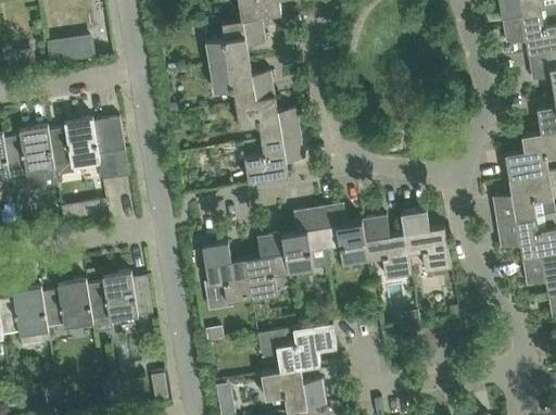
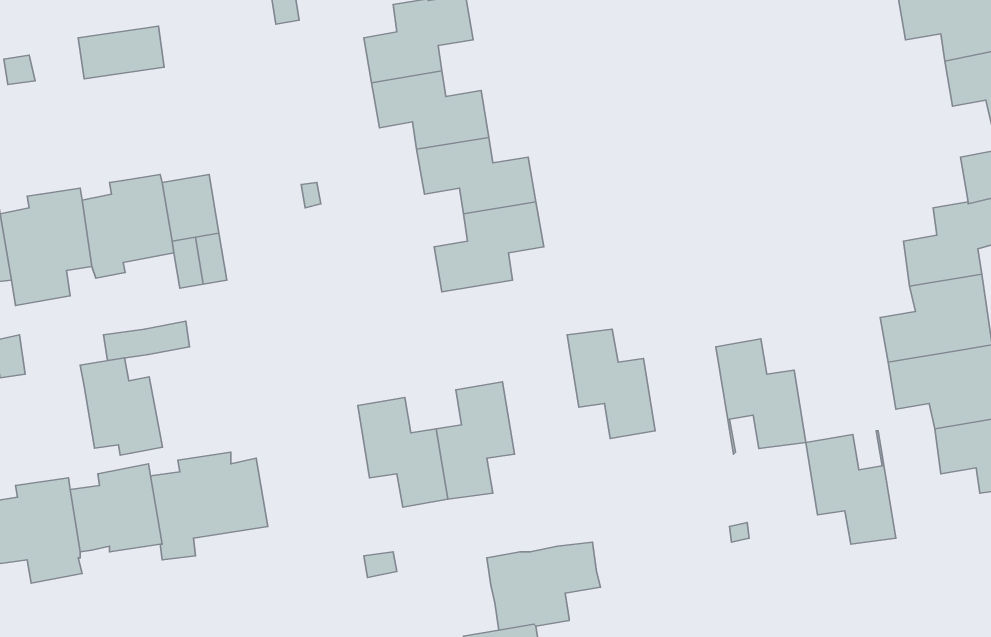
building: [282,208,328,274] -> none
building: [361,214,410,277] -> [806,431,896,544]
building: none -> [80,358,162,455]

